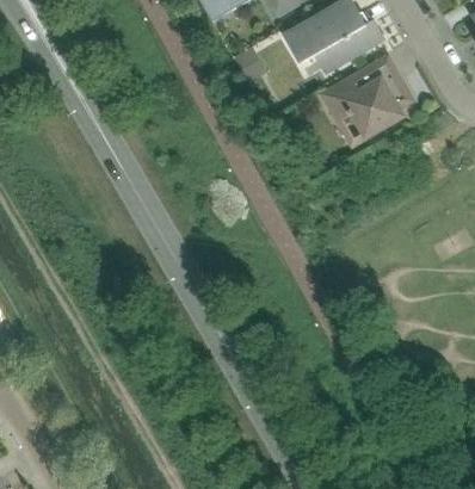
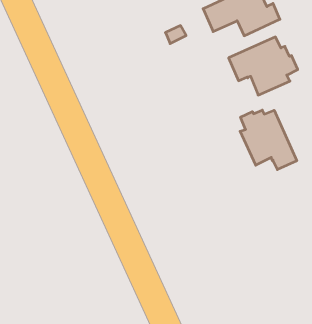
building: none -> [240,110,297,170]

